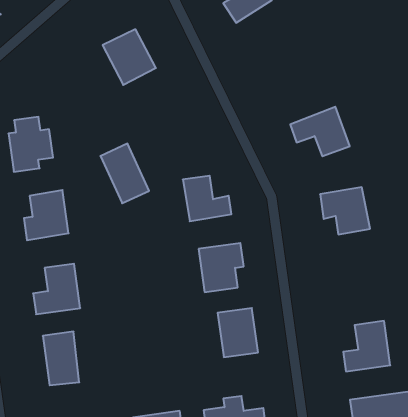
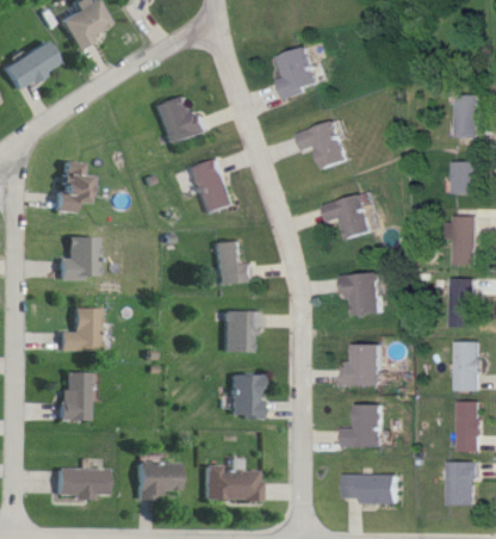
building: none -> [294,120,348,169]
building: [100,144,149,203] -> [188,159,230,215]
building: none -> [347,343,383,385]

